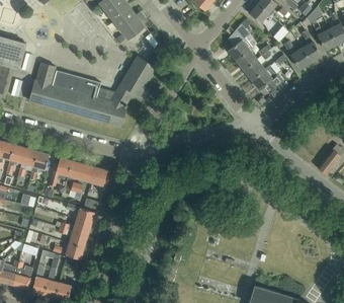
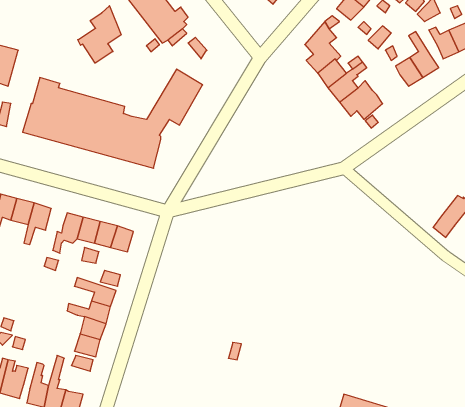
building: none -> [78,6,121,63]

